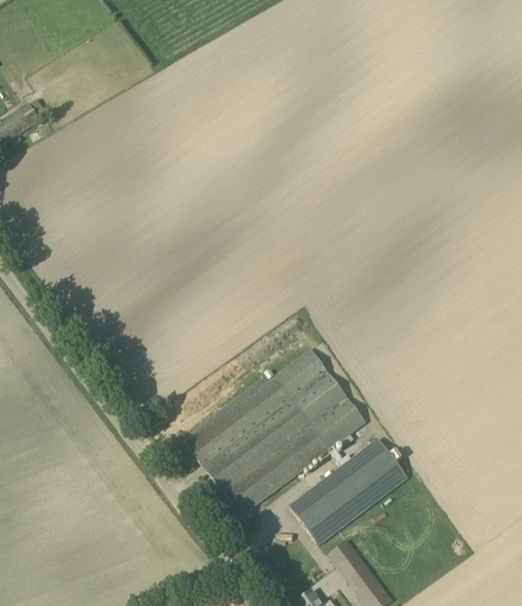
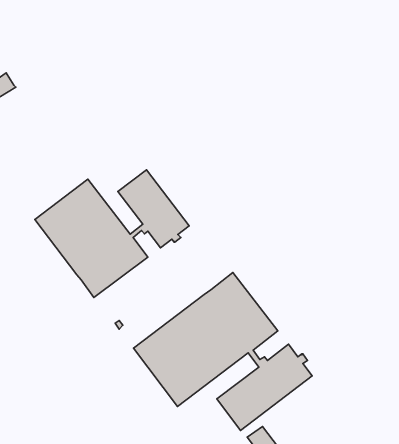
building: none -> [35,170,189,298]

